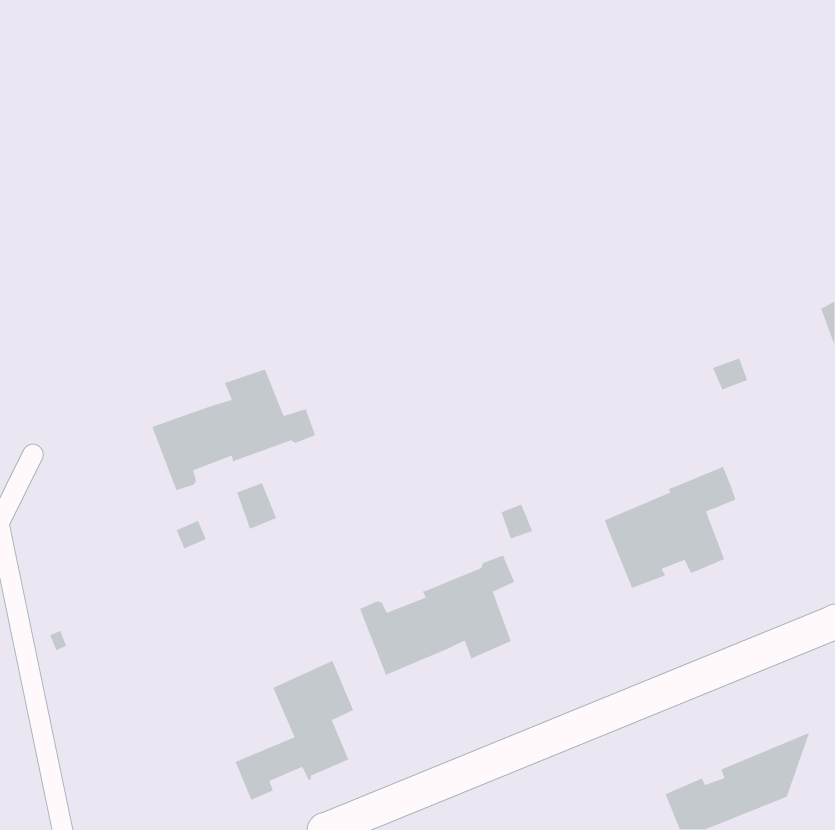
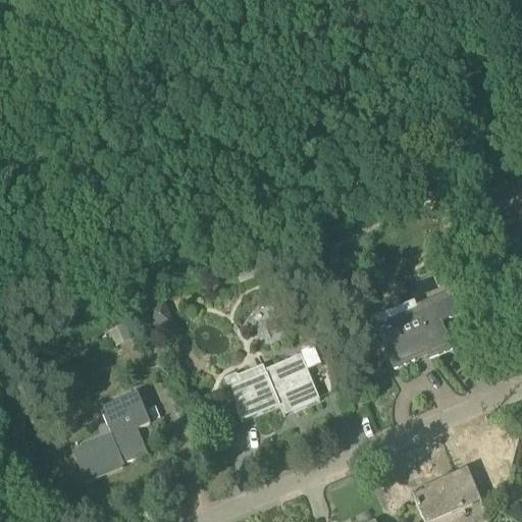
building: [151,369,316,491] -> none
building: [235,660,354,801] -> [75,389,150,477]

